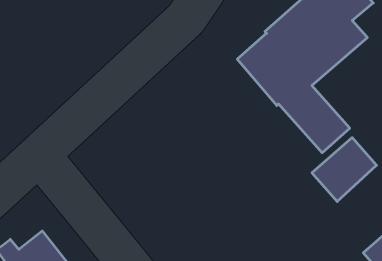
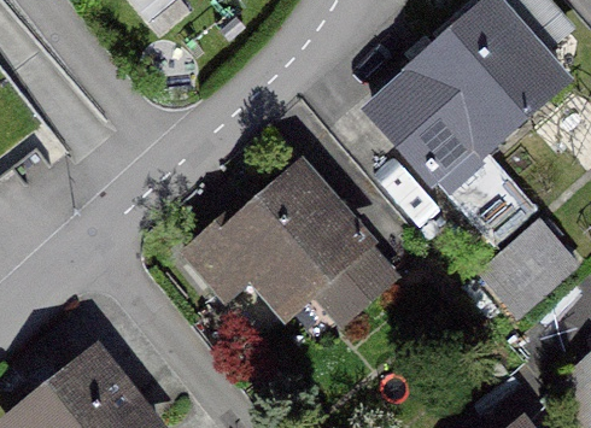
building: none -> [185,176,387,322]

